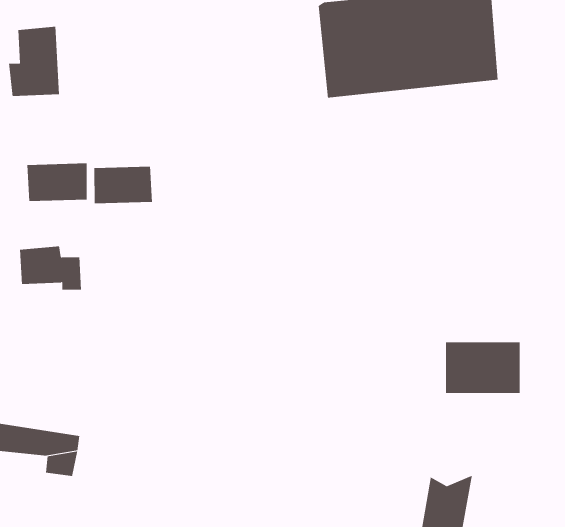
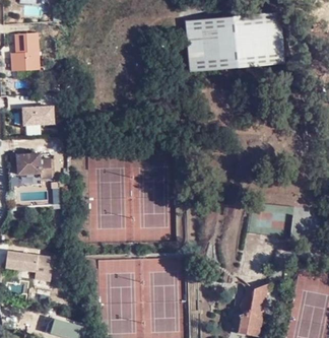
building: [94,166,153,204] -> none

